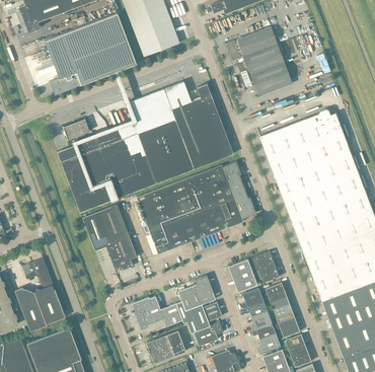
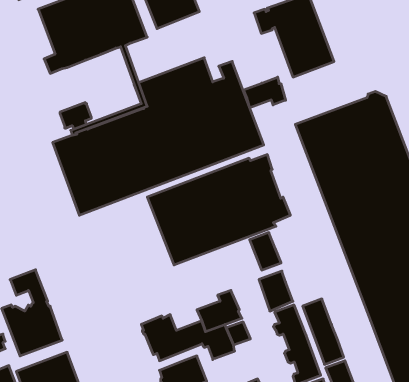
building: none -> [243,77,286,108]
building: [82,205,137,271] -> none
building: [253,251,280,283] -> [250,233,281,270]
building: [193,322,223,347] -> none

